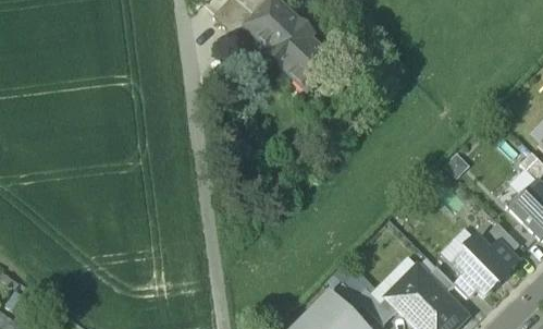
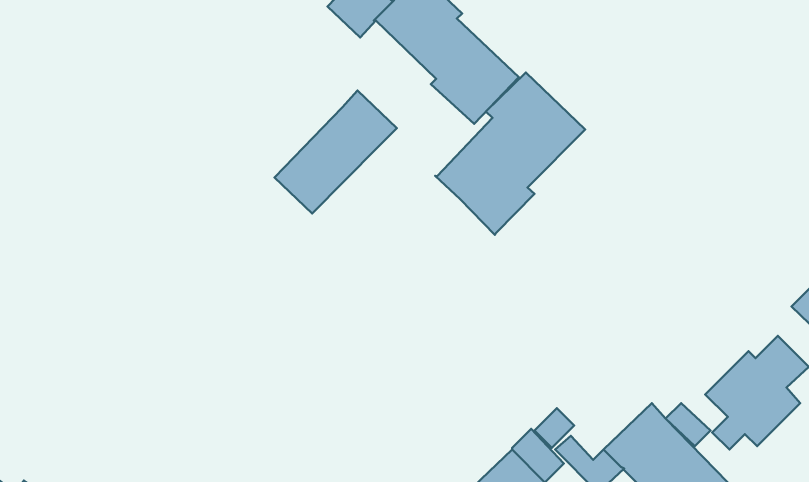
building: none -> [435,72,585,235]
building: none -> [274,91,397,214]

